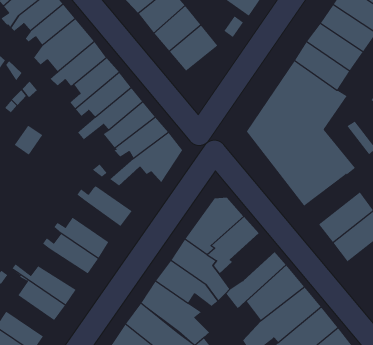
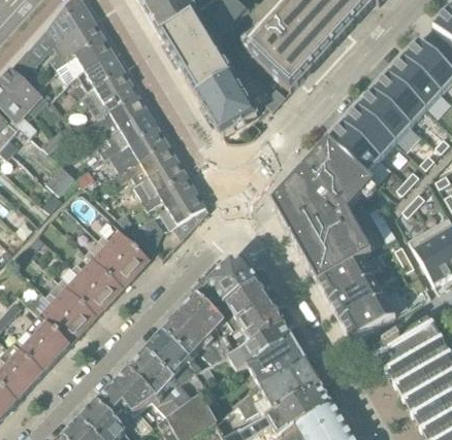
building: none -> [317,256,374,300]
building: none -> [86,243,137,287]
building: none -> [226,300,283,349]
building: none -> [45,285,99,329]
building: none -> [14,326,60,369]

